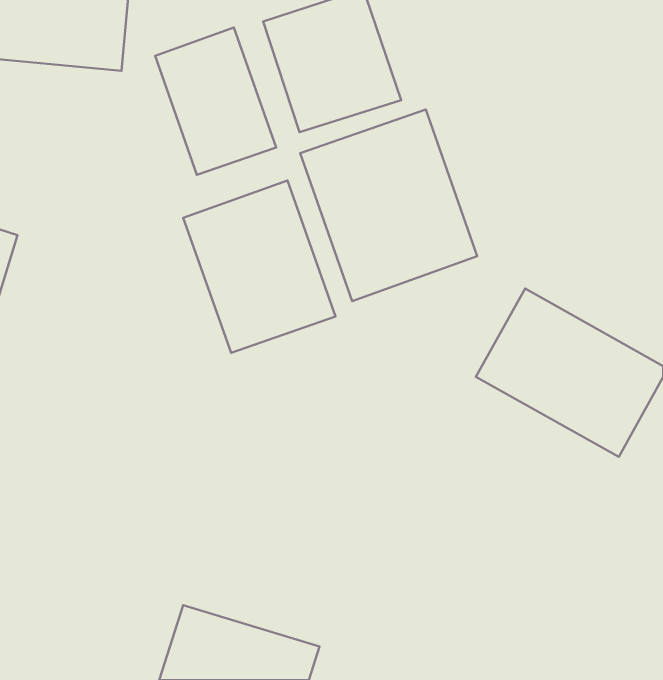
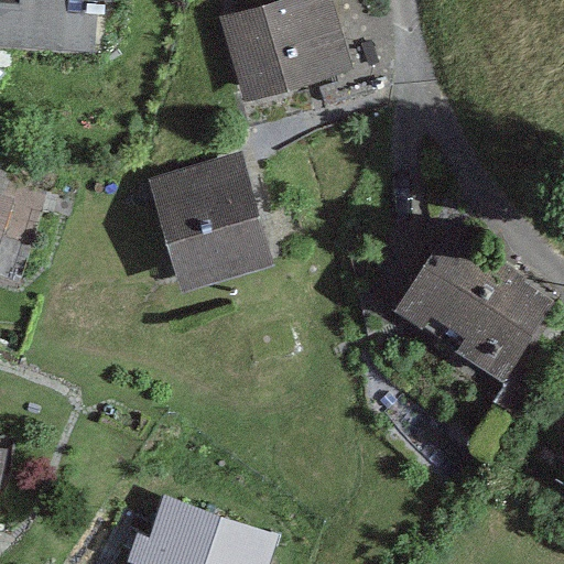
building: [155,27,276,175] -> none
building: [300,109,477,301] -> none

